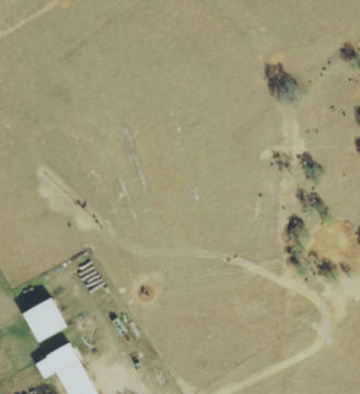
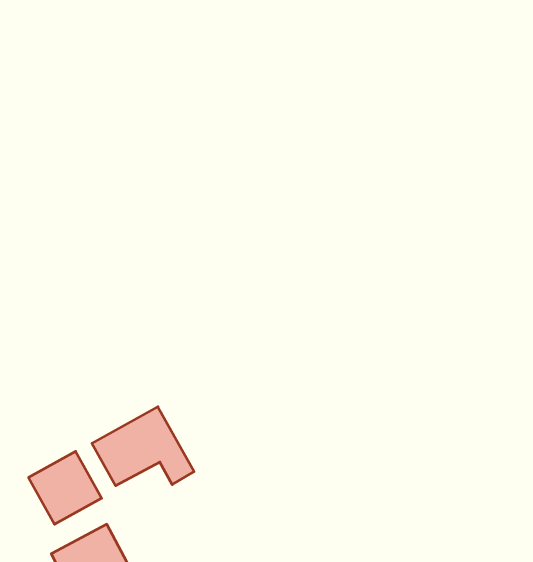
building: none -> [92,407,194,486]

